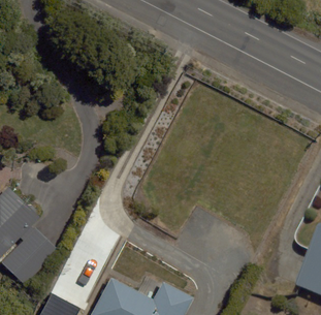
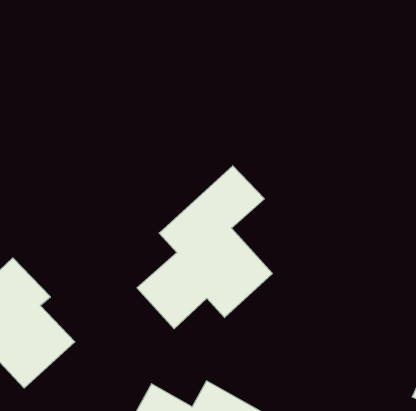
building: none -> [137,166,272,329]

